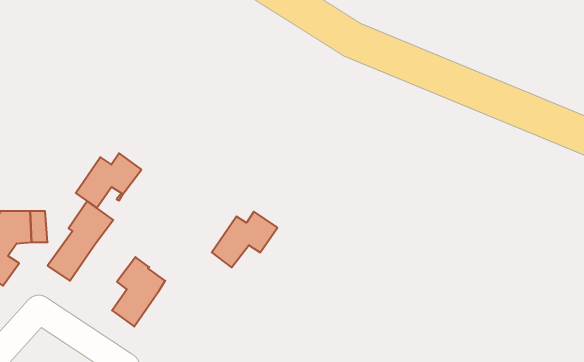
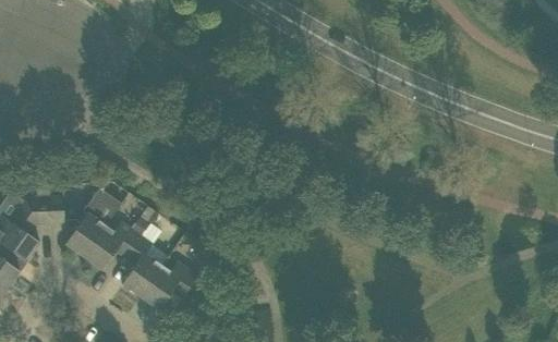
building: [76,153,141,208] -> [84,222,142,270]
building: [212,212,277,267] -> [141,261,198,310]

